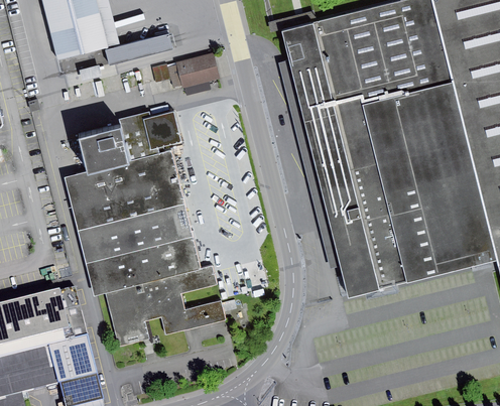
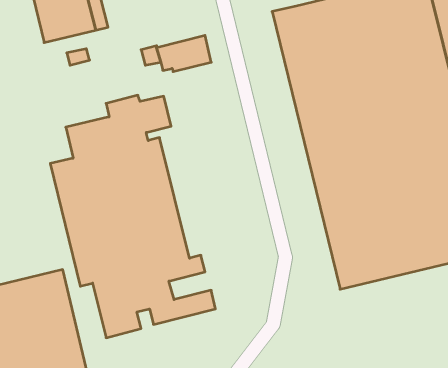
building: [106,33,172,64] -> none

